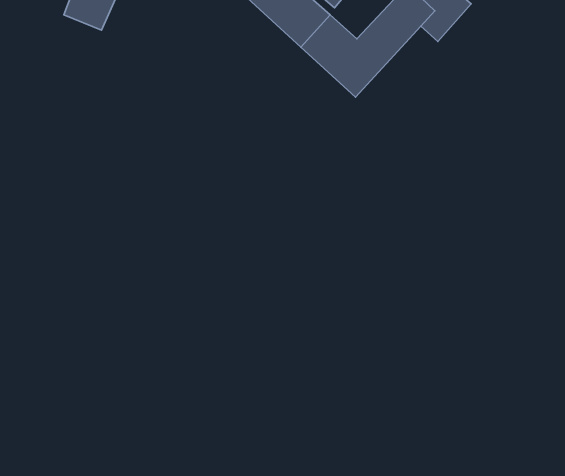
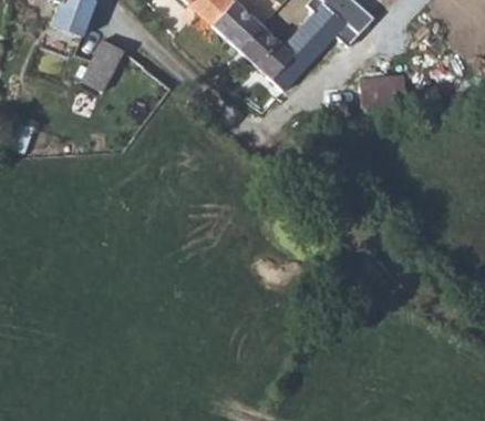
building: none -> [81,40,124,92]
building: none -> [362,72,409,105]

